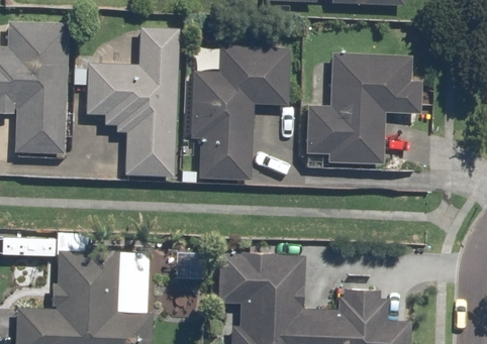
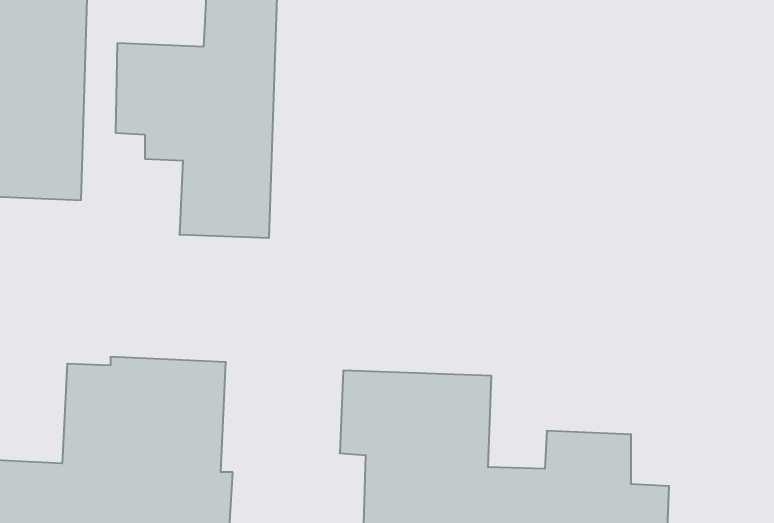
building: [184,45,292,180] -> none
building: [304,51,422,165] -> none

